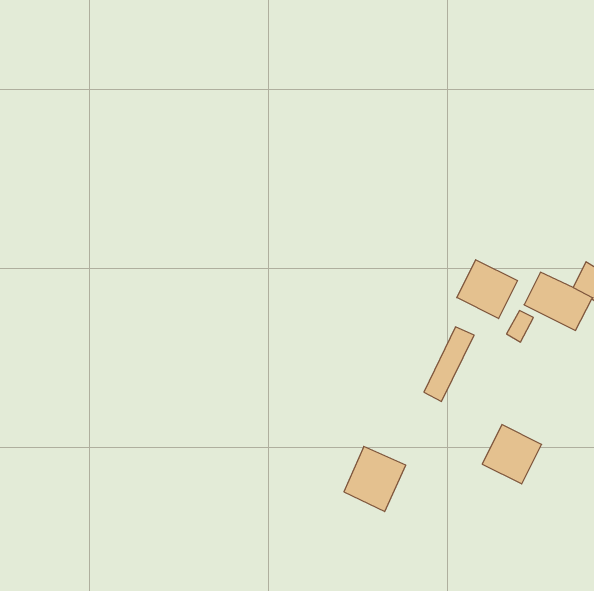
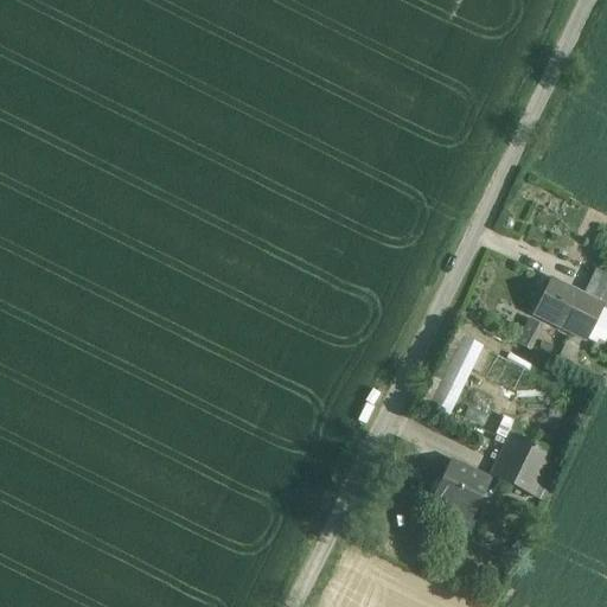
building: [457,260,517,319] -> none
building: [344,446,406,512] -> [429,456,492,523]

